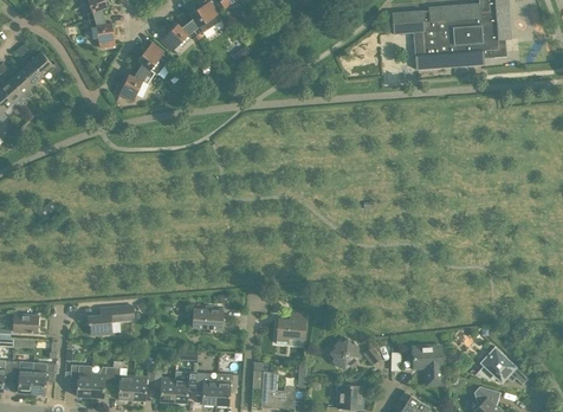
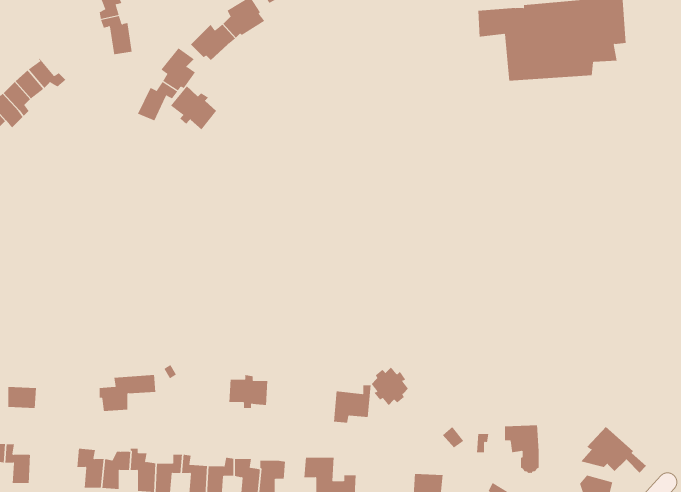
building: none -> [170,86,217,130]
building: [329,339,360,371] -> [371,366,409,406]
building: [31,362,53,394] -> none

